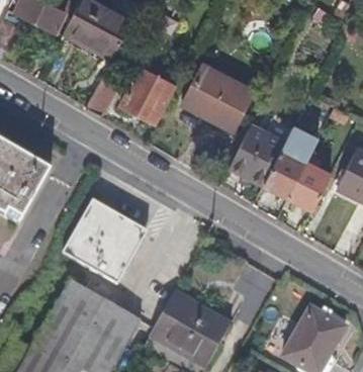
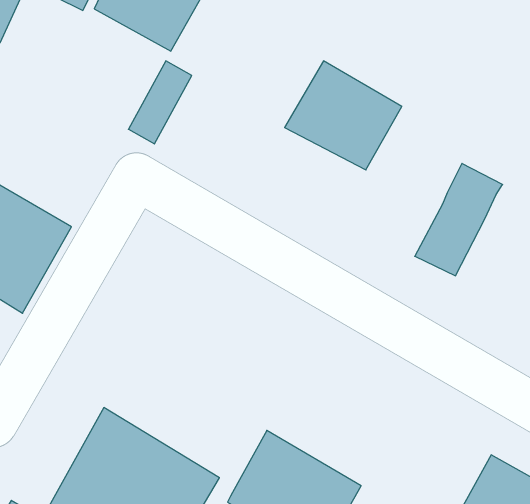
building: [122,67,178,122] -> none
building: [231,128,284,185] -> none
building: [289,162,331,209] -> none
building: [66,201,151,283] -> none

